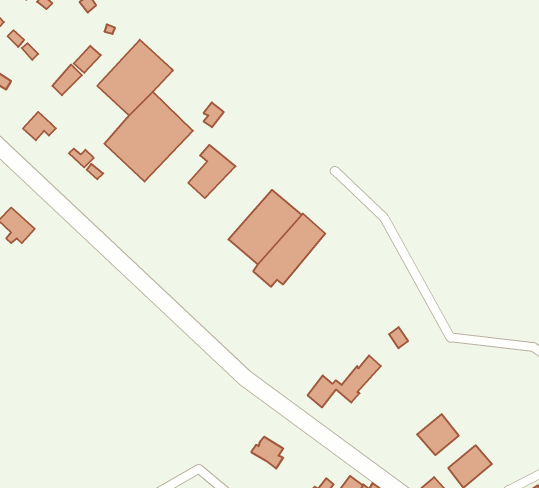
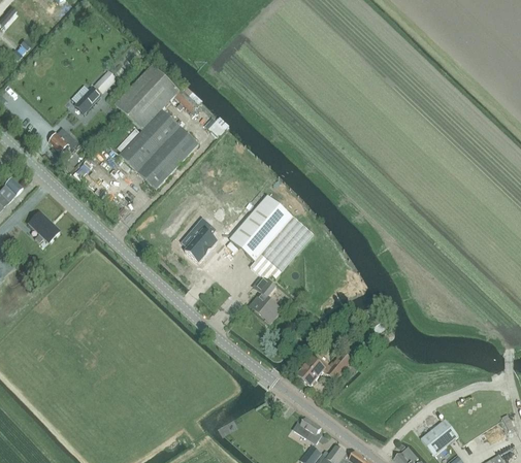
building: [188,145,236,198] -> [184,214,225,261]
building: none -> [252,280,276,321]
building: [417,414,459,455] -> none
building: [251,437,283,469] -> [293,417,321,444]

